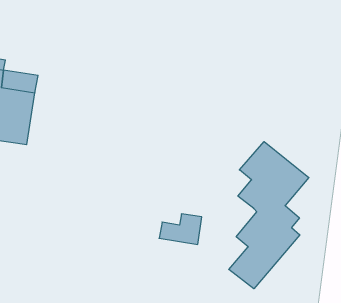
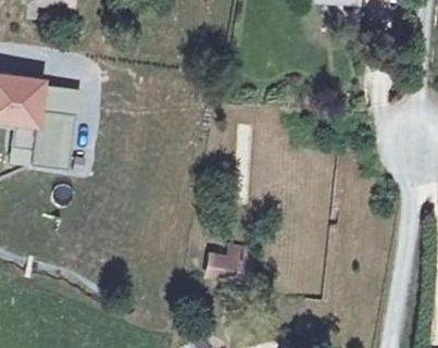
building: [229,142,309,289] -> none

